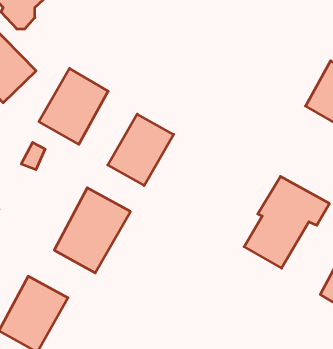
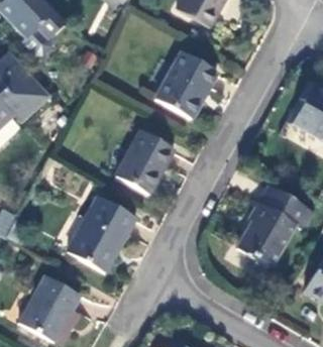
building: [39,68,108,144] -> [154,52,216,120]

